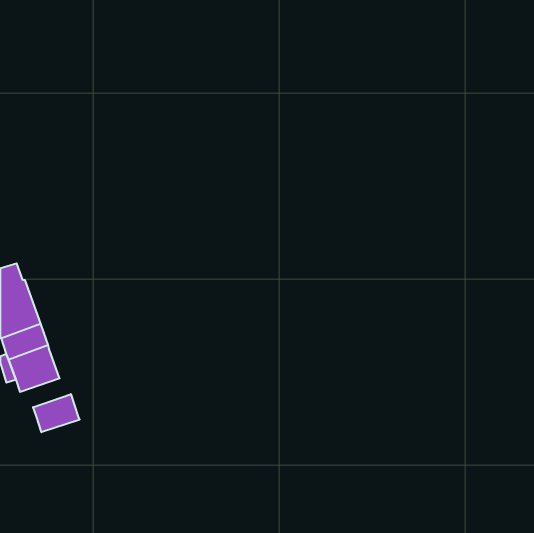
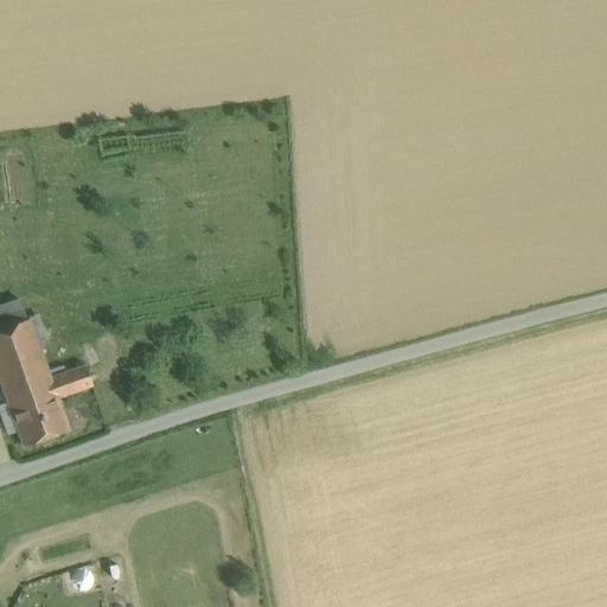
building: none -> [50,364,91,396]
building: [33,394,80,432] -> none

